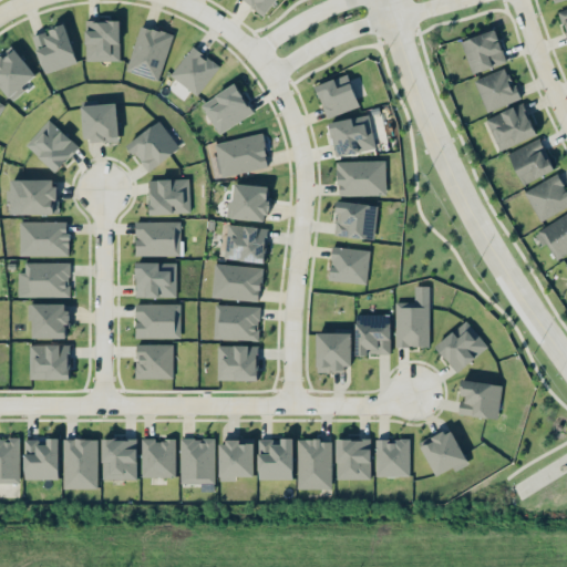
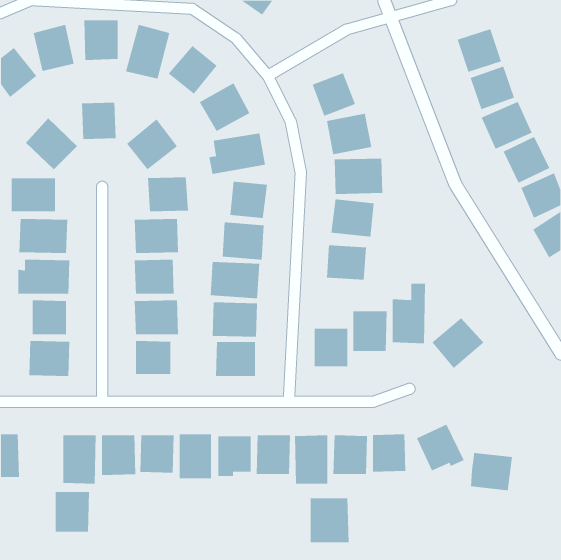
building: [458,381,502,420] -> [470,452,513,491]
building: [24,439,60,480] -> [55,491,90,532]
building: none -> [310,497,349,543]

